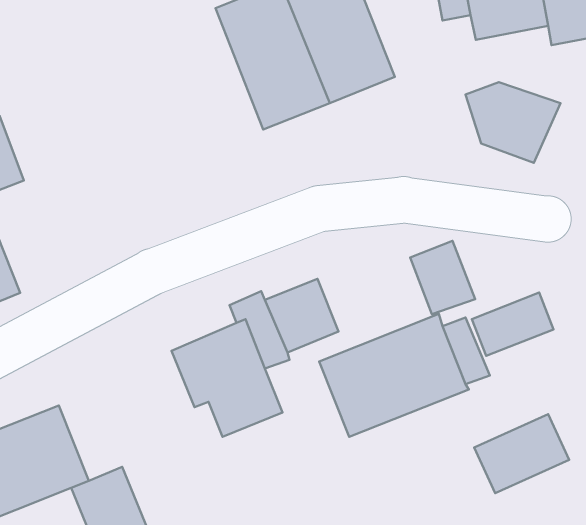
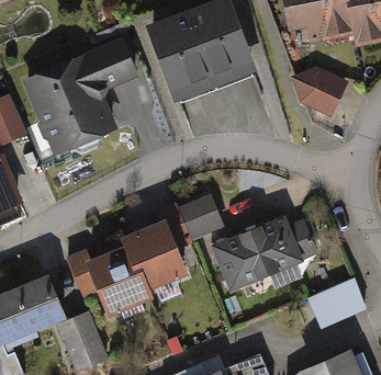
building: none -> [23,37,137,156]
building: [410,241,475,314] -> none
building: [472,293,553,356] -> none
building: none -> [65,239,153,321]

